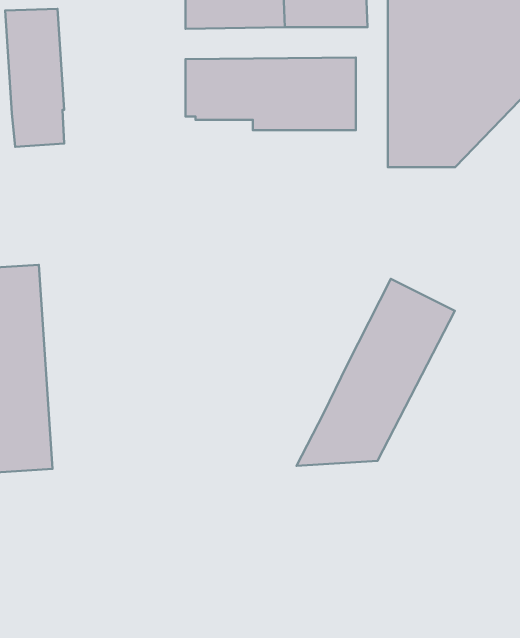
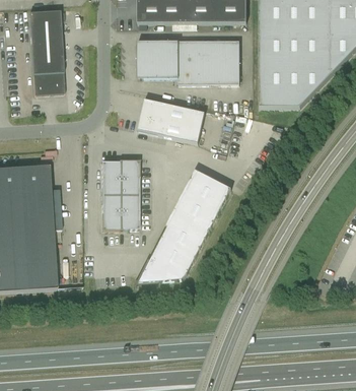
building: none -> [138,99,205,142]
building: none -> [101,159,139,230]
building: [296,279,455,466] -> [136,169,231,281]

